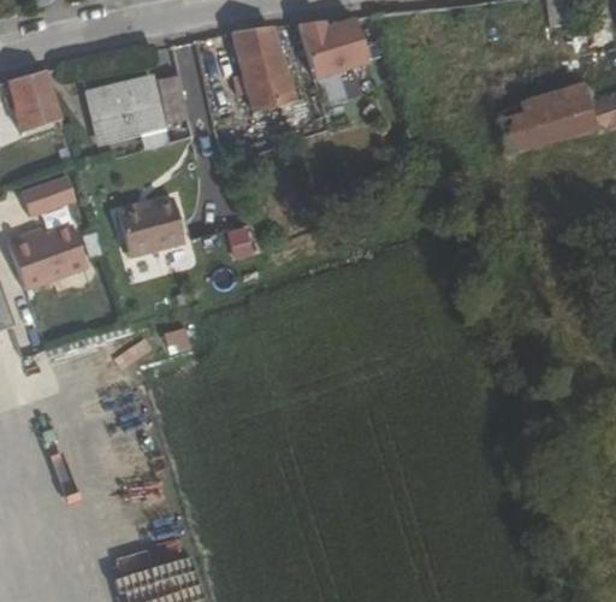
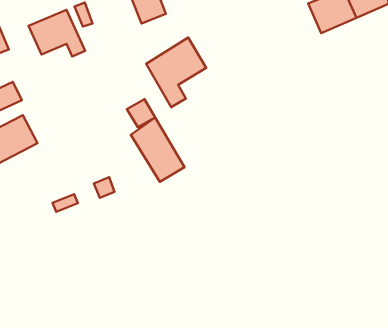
building: none -> [146,37,206,107]
building: [118,195,185,255] -> none
building: none -> [131,117,185,182]

